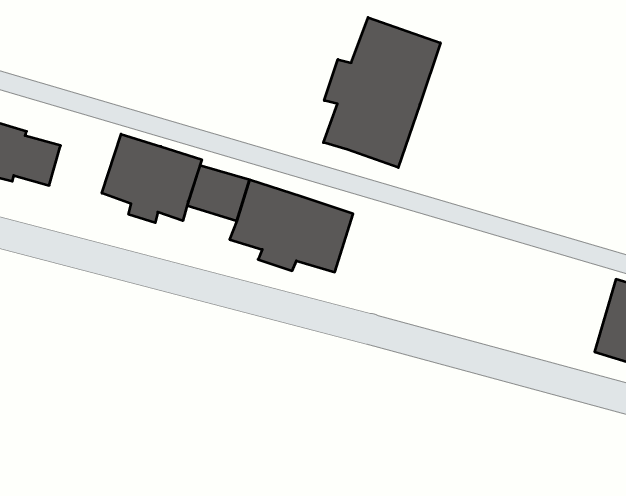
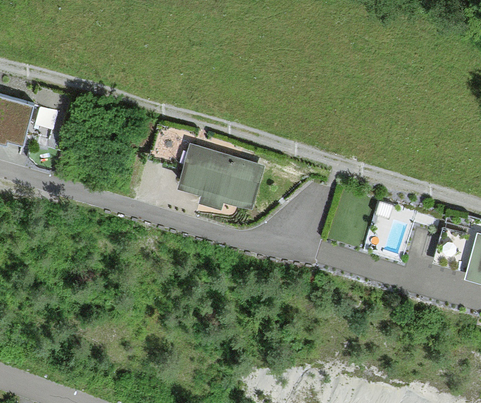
building: [323,17,440,168] -> none
building: [102,134,202,223] -> none

